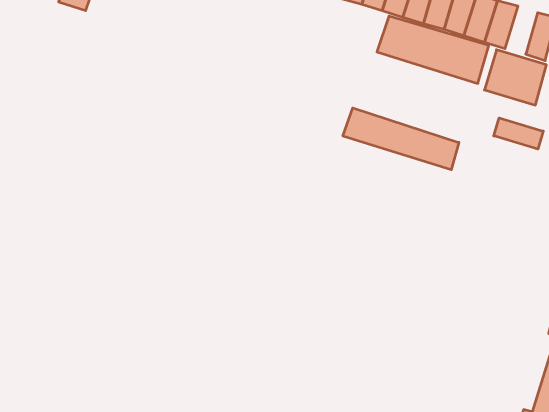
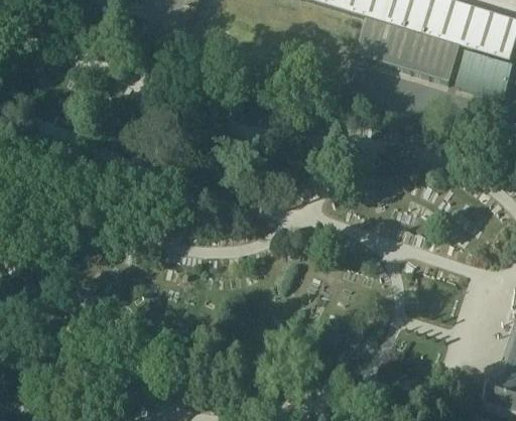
building: none -> [474,9,504,53]
building: [343,108,459,170] -> none
building: [494,118,543,149] -> none

